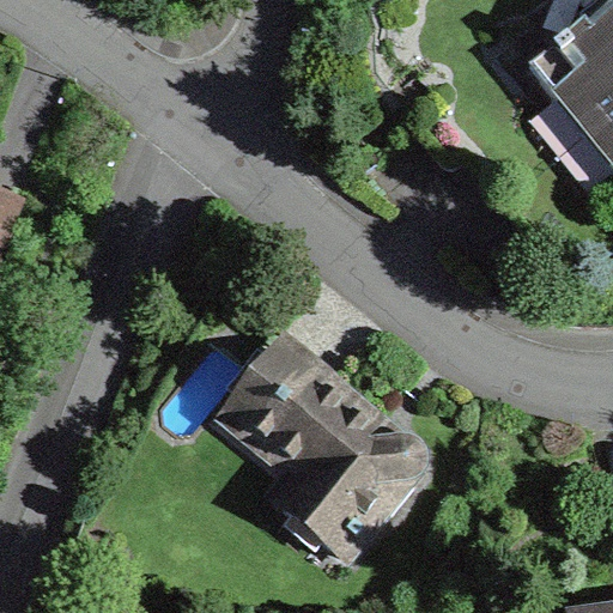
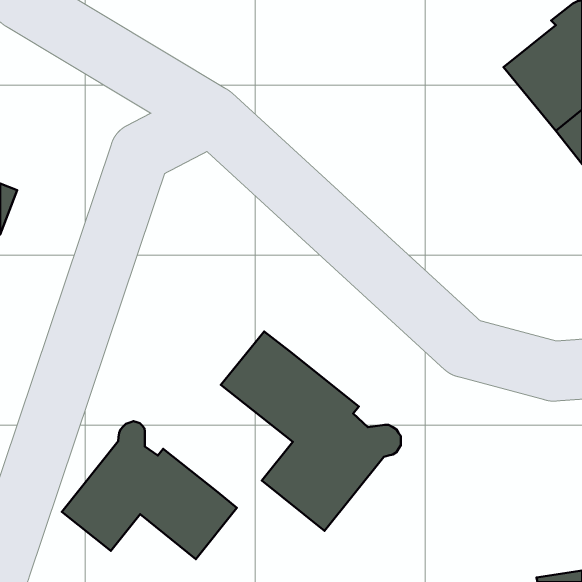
building: none -> [62,421,237,559]

